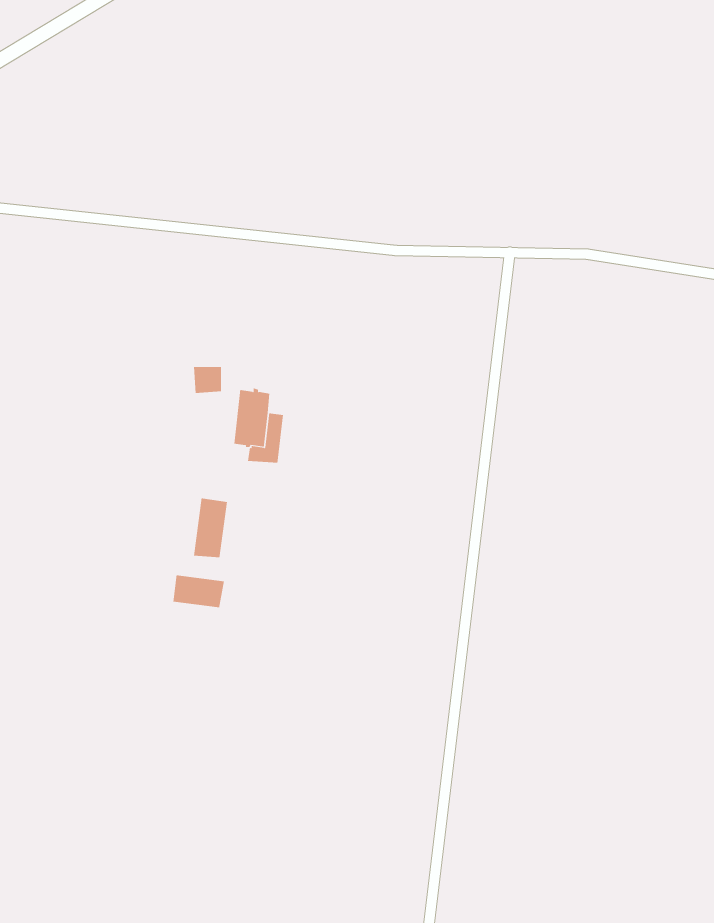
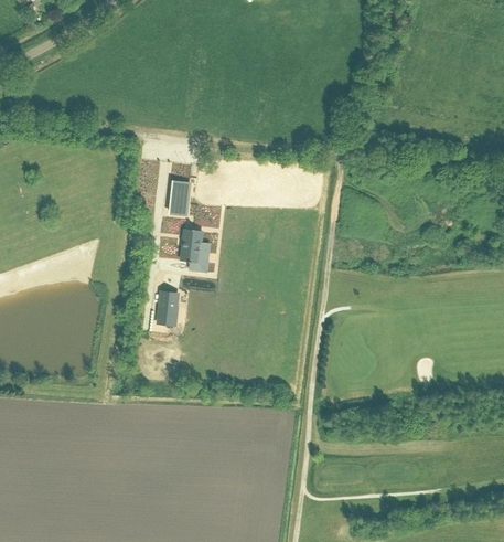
building: none -> [169,181,187,214]
building: [173,574,225,608] -> none

